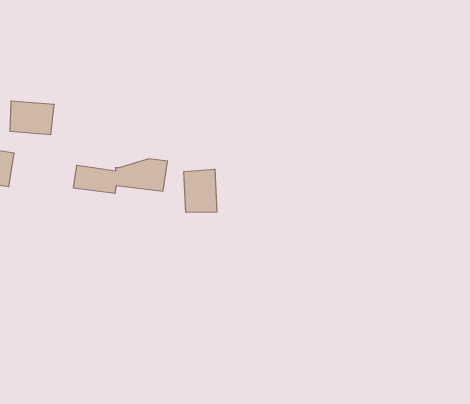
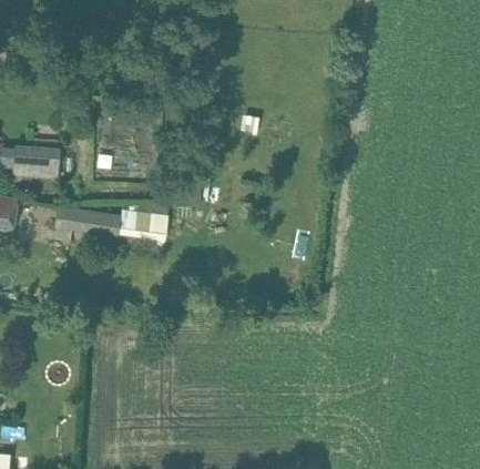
building: [184,169,217,212] -> none

